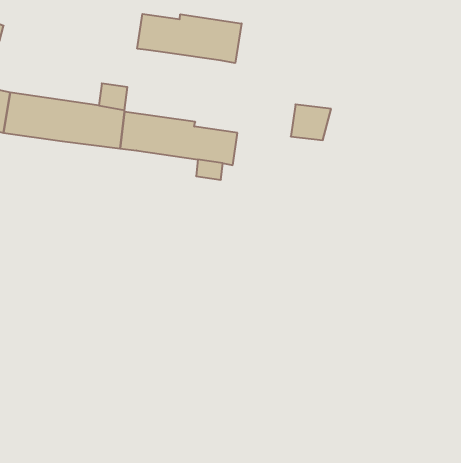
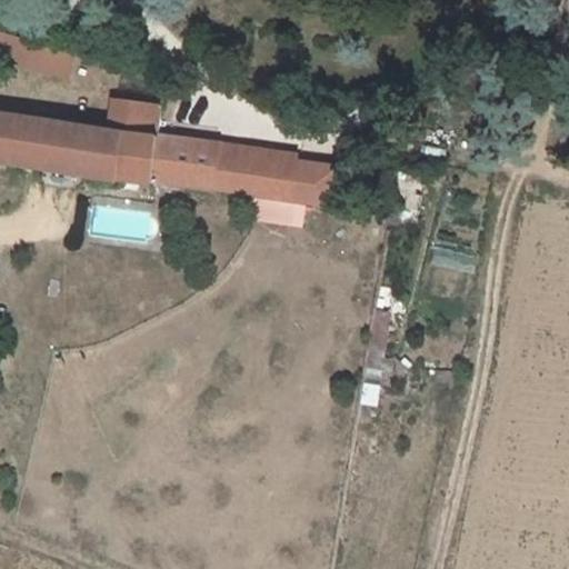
building: [137,14,242,63] -> none
building: [291,104,331,140] -> [282,161,331,204]

